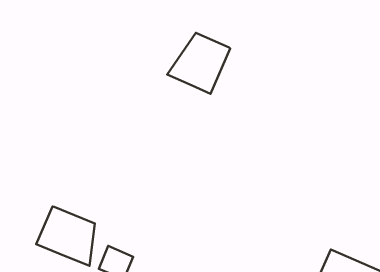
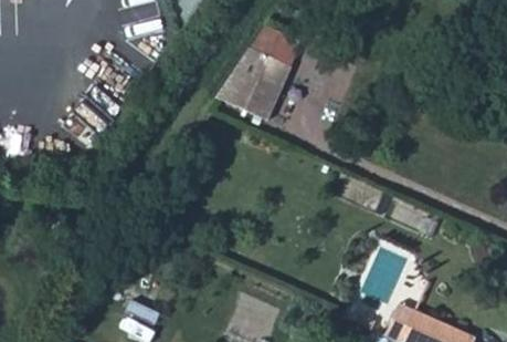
building: none -> [241,23,291,62]
building: [36,207,95,266] -> none

